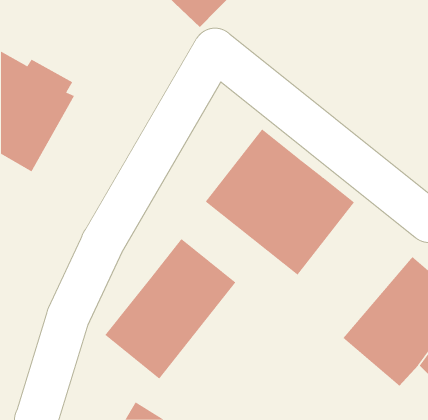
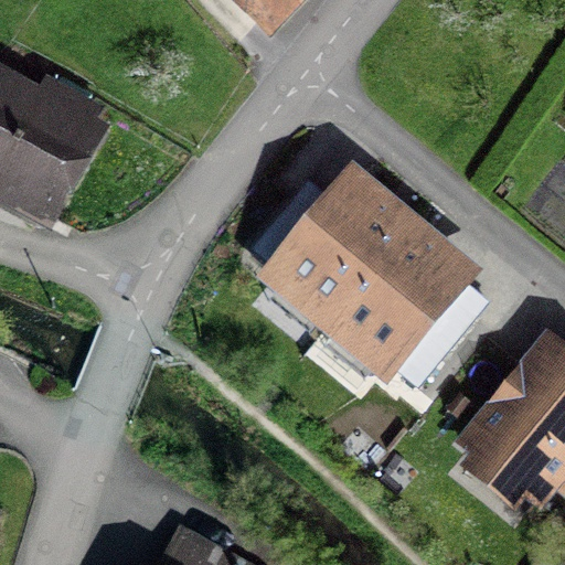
building: [104,238,236,379] -> none

